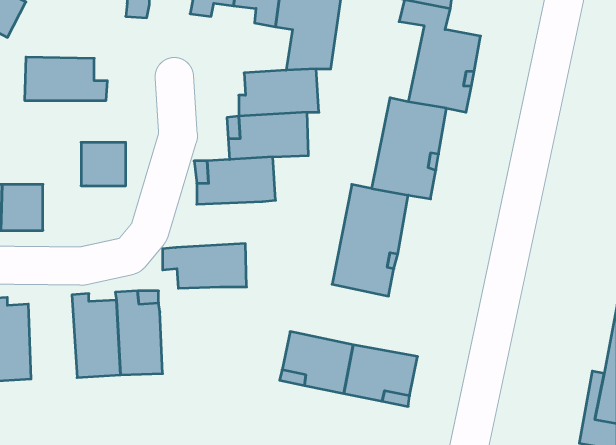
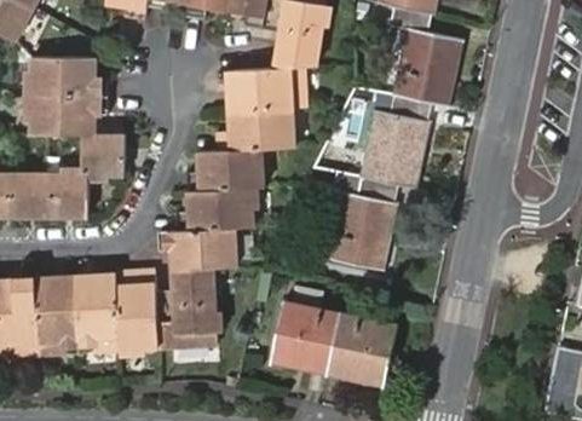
building: none -> [35,96,111,134]
building: none -> [52,173,92,217]
building: none -> [174,189,257,231]
building: none -> [160,267,219,347]
building: none -> [39,275,83,352]

